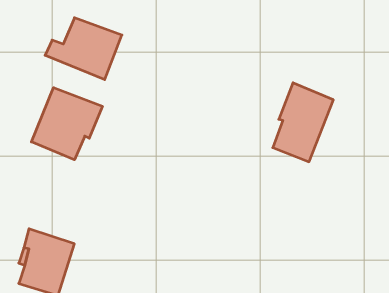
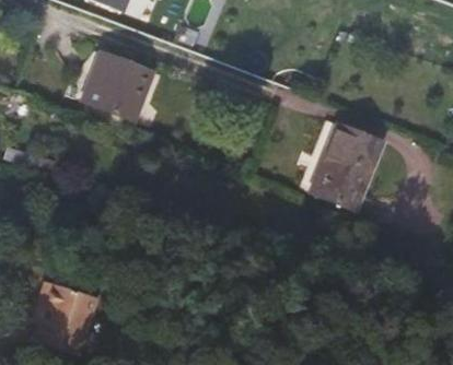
building: [31,88,102,160] -> none

